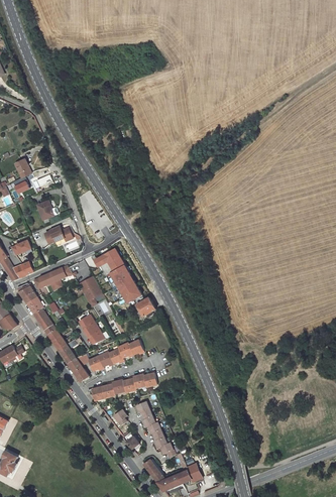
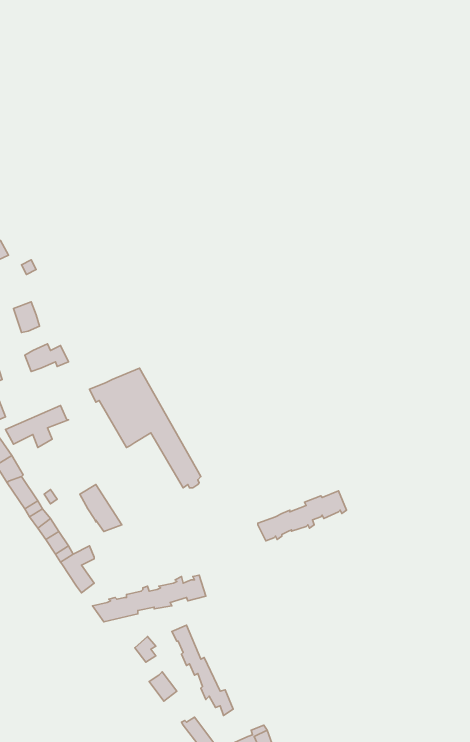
building: [77,276,100,307] -> none
building: [87,340,142,371] -> [258,491,347,541]

